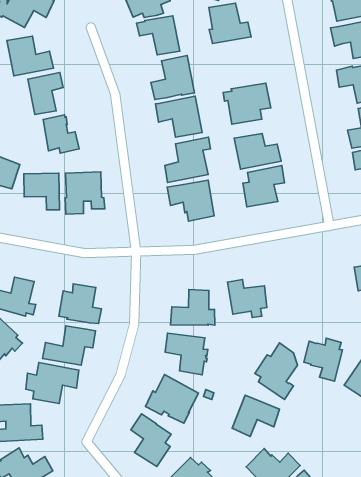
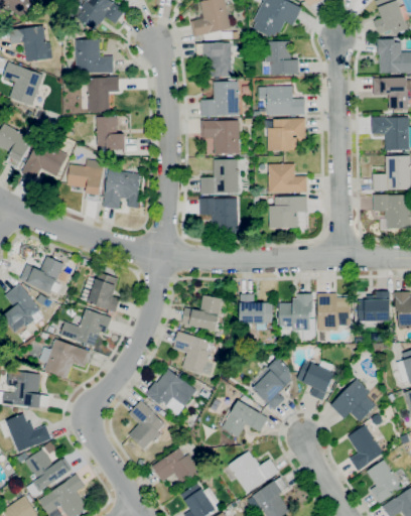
building: none -> [267,87,305,116]
building: none -> [317,293,351,332]
building: none -> [279,294,312,332]

